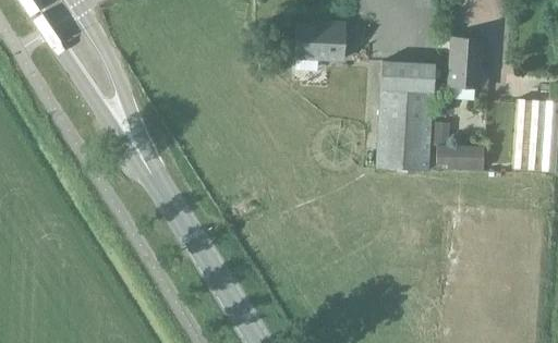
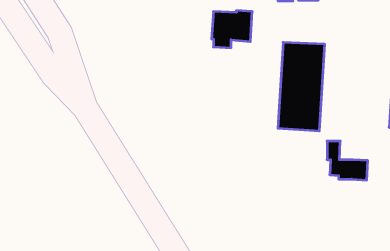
building: [448,35,489,87] -> none
building: [434,121,484,169] -> [327,141,368,180]

